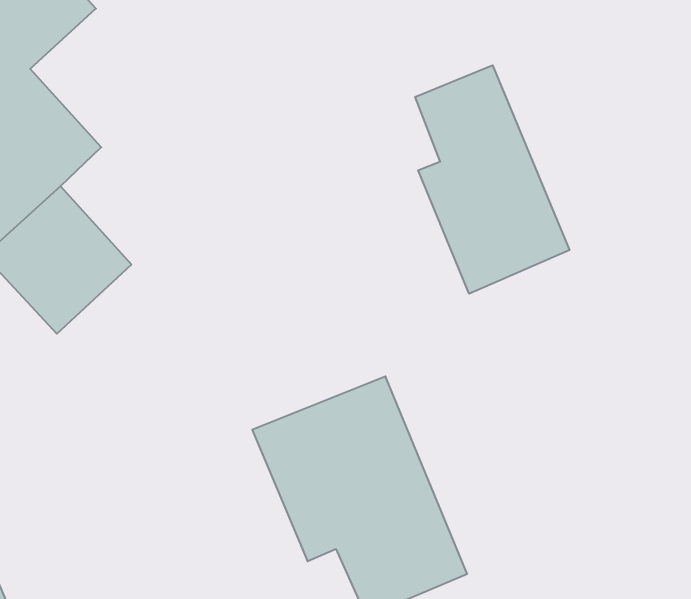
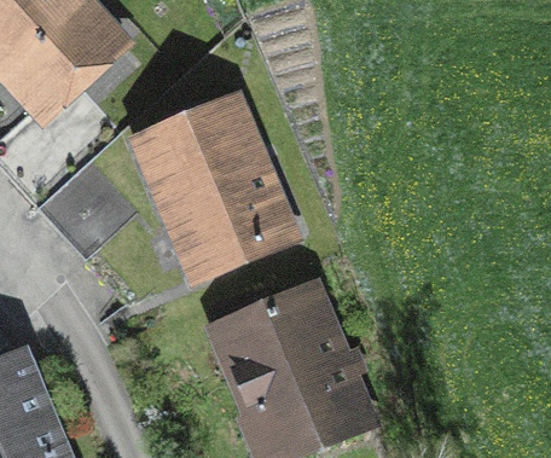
building: [415,65,570,294] -> none
building: none -> [147,99,288,263]

